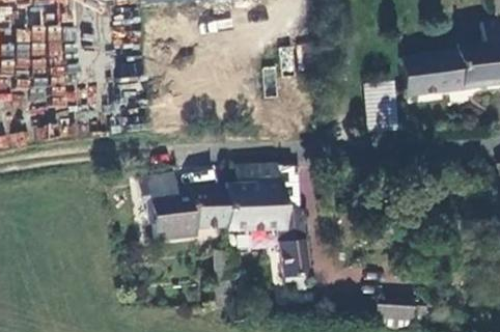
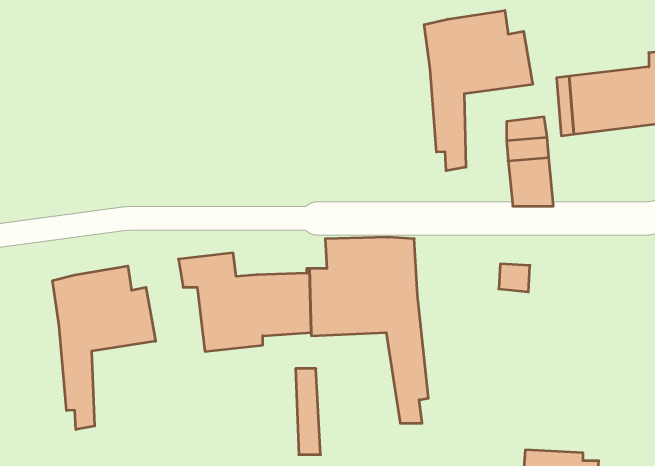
building: none -> [424,10,533,171]
building: none -> [53,266,156,430]

